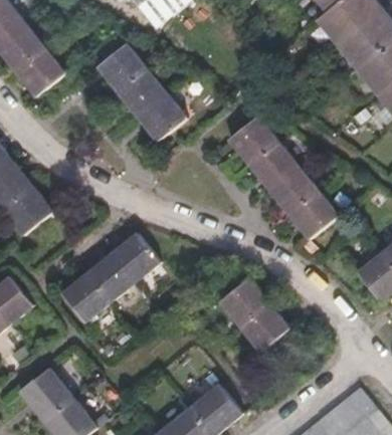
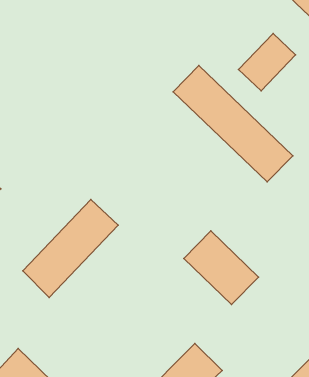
building: [97,43,186,142] -> none
building: none -> [238,33,296,91]

